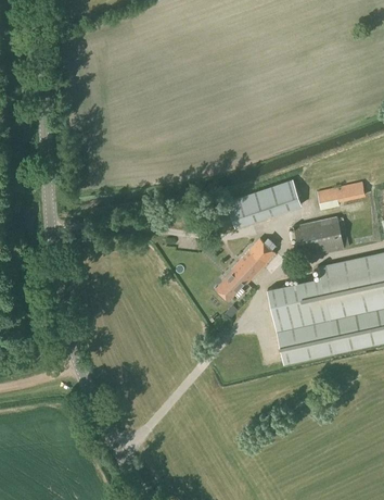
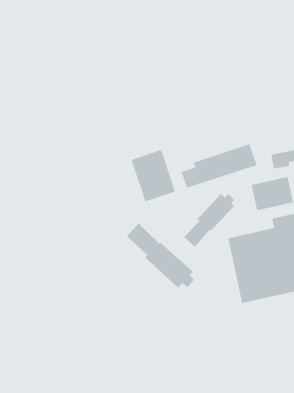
building: none -> [131,149,176,202]
building: none -> [126,223,195,289]

